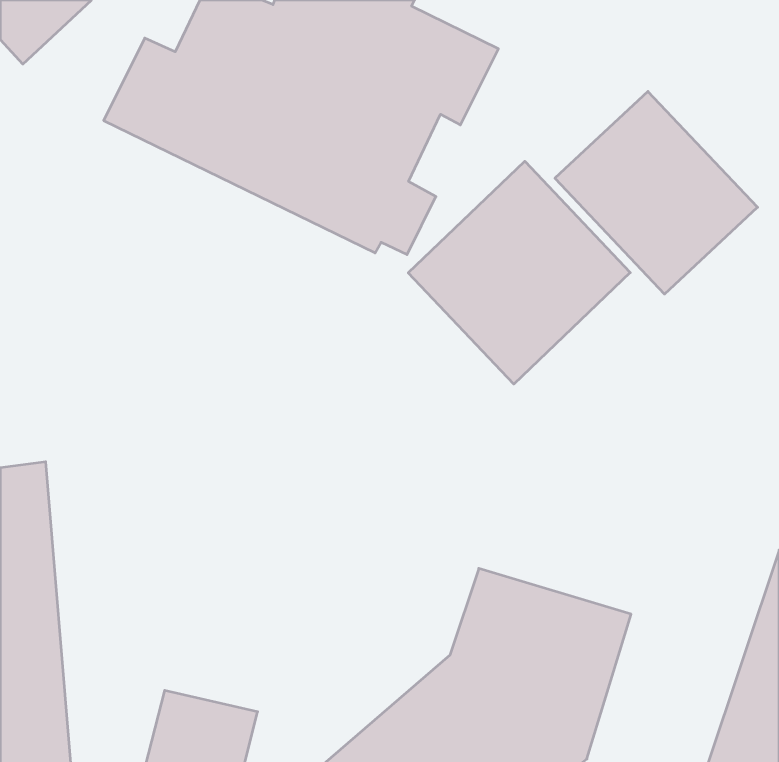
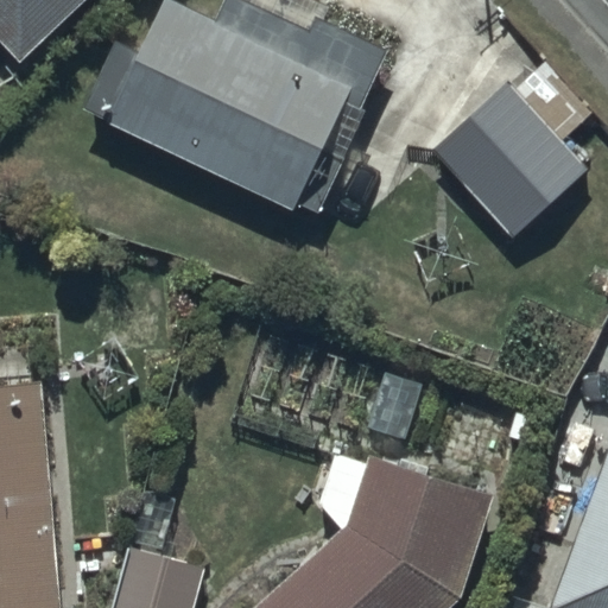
building: [408,161,630,384] -> none

